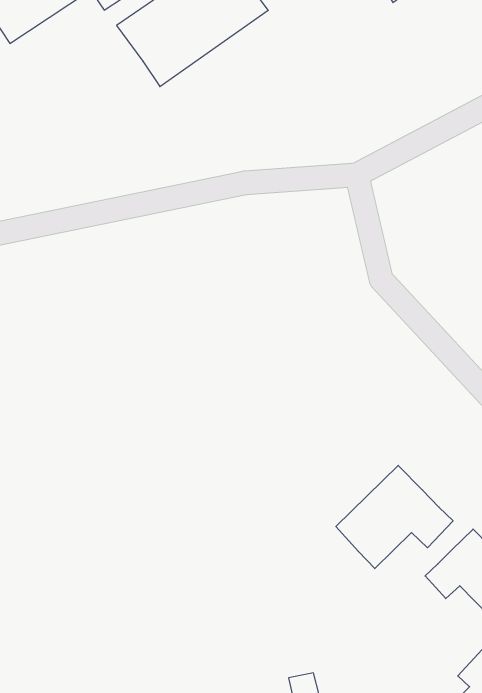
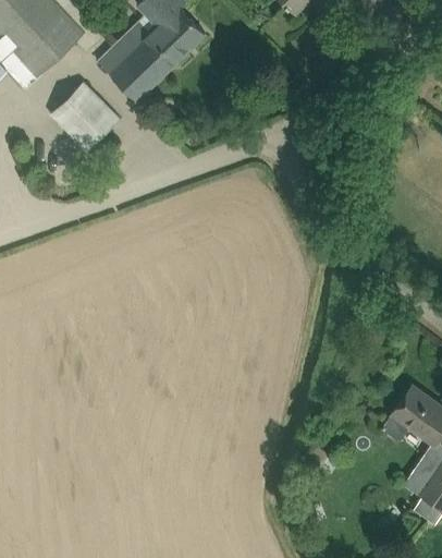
building: none -> [41,82,118,158]
building: [336,465,453,569] -> none

